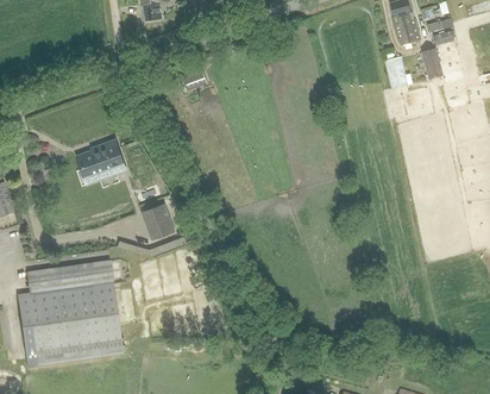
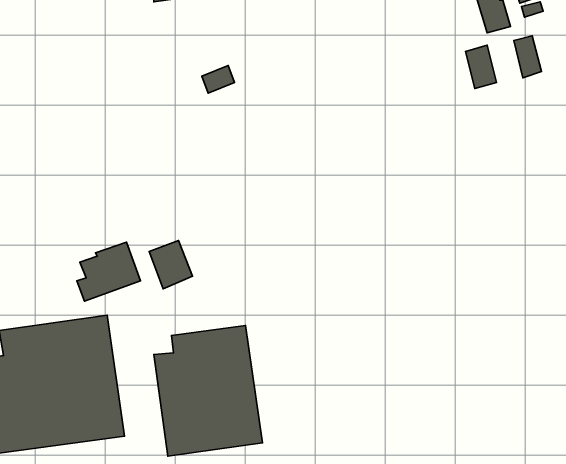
building: [77,139,126,185] -> [77,242,140,301]
building: none -> [154,326,263,456]

